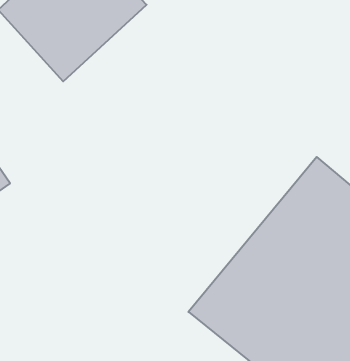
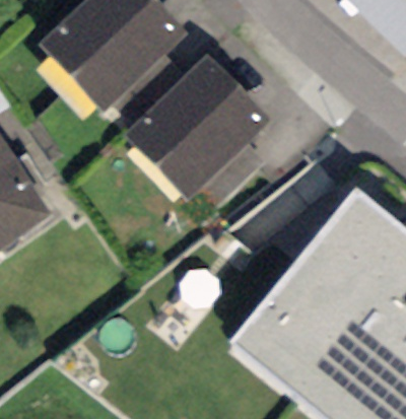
building: none -> [125,55,267,197]

